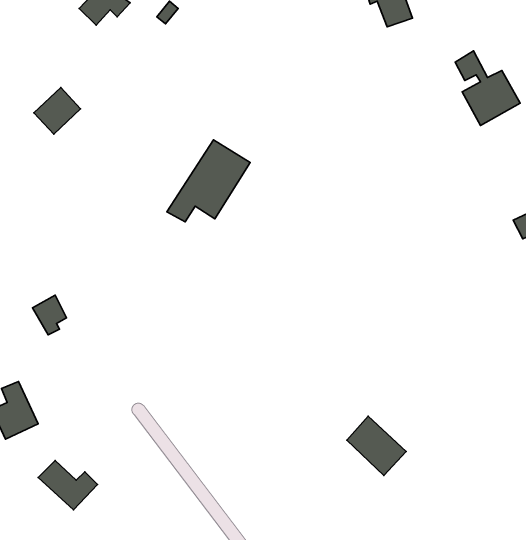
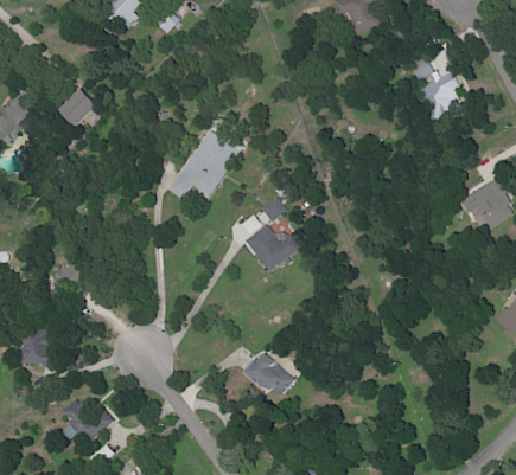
building: none -> [241,212,298,271]
building: [347,416,406,475] -> [244,349,294,399]

